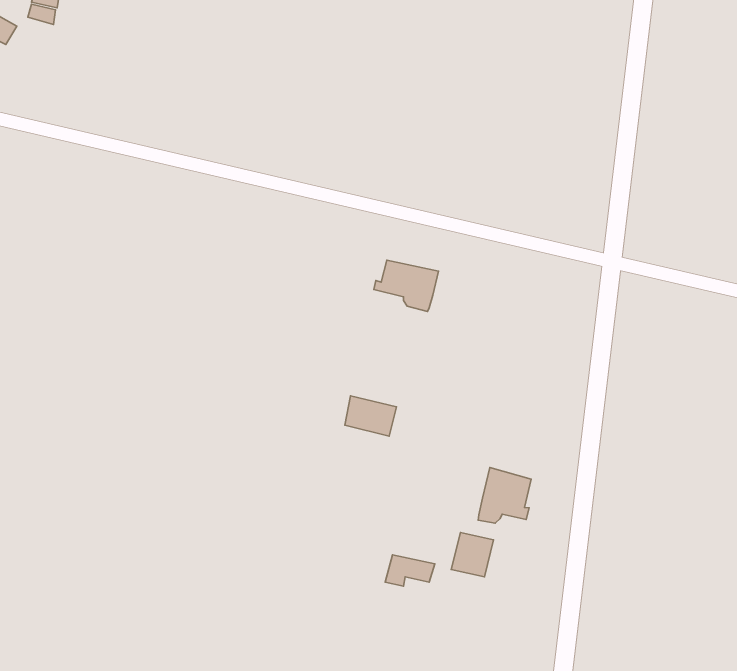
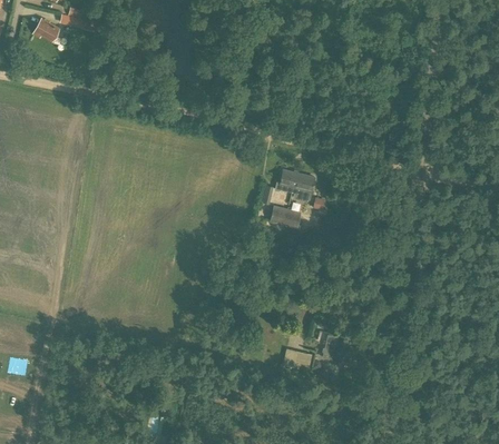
building: [345,396,396,436] -> [270,205,301,229]
building: [478,468,531,523] -> none

